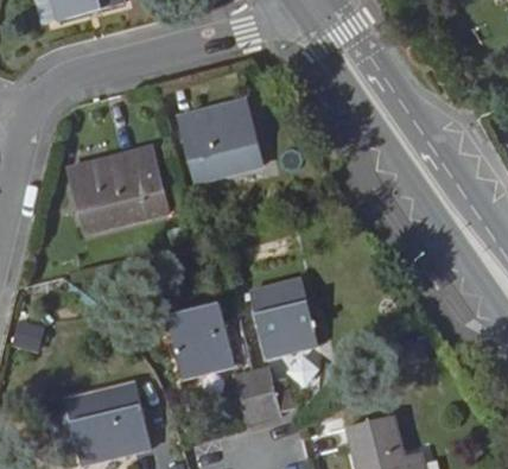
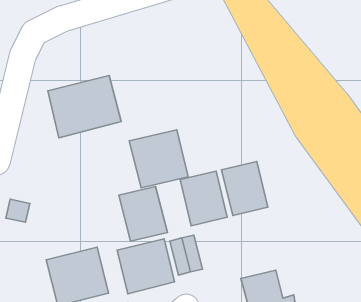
building: [177,100,259,180] -> [129,130,188,188]
building: none -> [222,161,268,216]
building: none -> [117,239,175,294]

